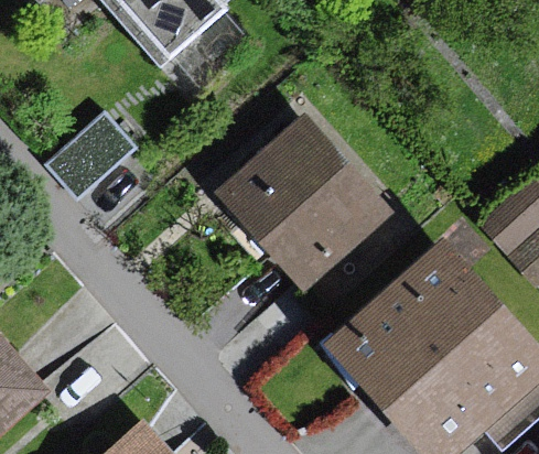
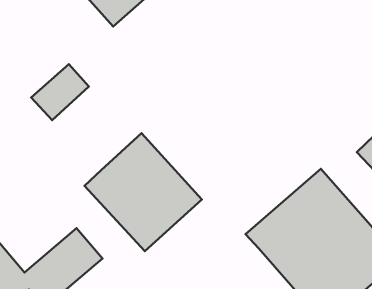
building: [224,125,378,280] -> [85,133,202,251]

